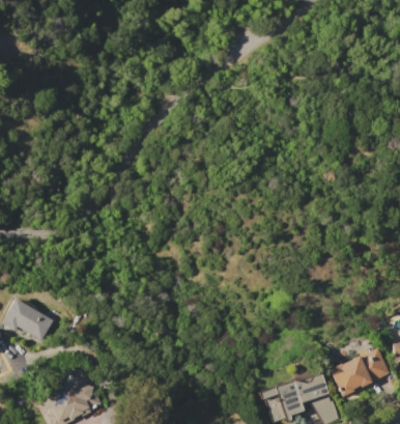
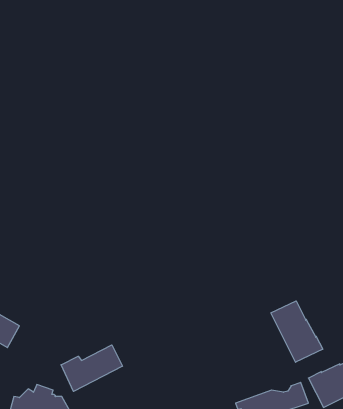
building: none -> [271,301,323,362]
building: none -> [61,345,122,391]

